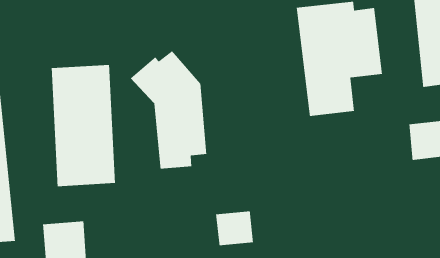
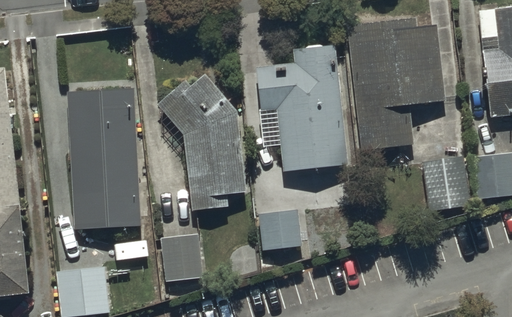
building: none -> [258,41,349,171]
building: none -> [423,157,471,211]
building: none -> [159,234,202,281]
building: [215,210,254,246] -> [258,209,302,250]

